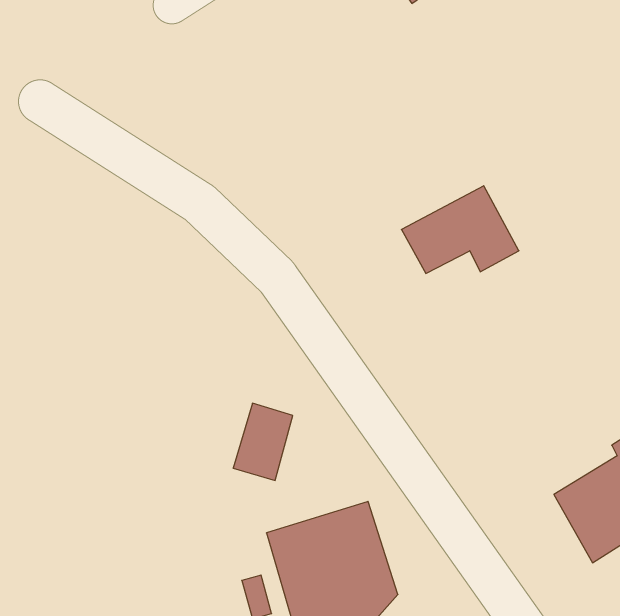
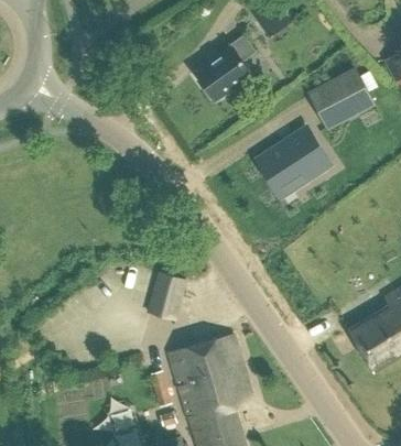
building: none -> [196,34,256,100]
building: none -> [317,72,372,122]

